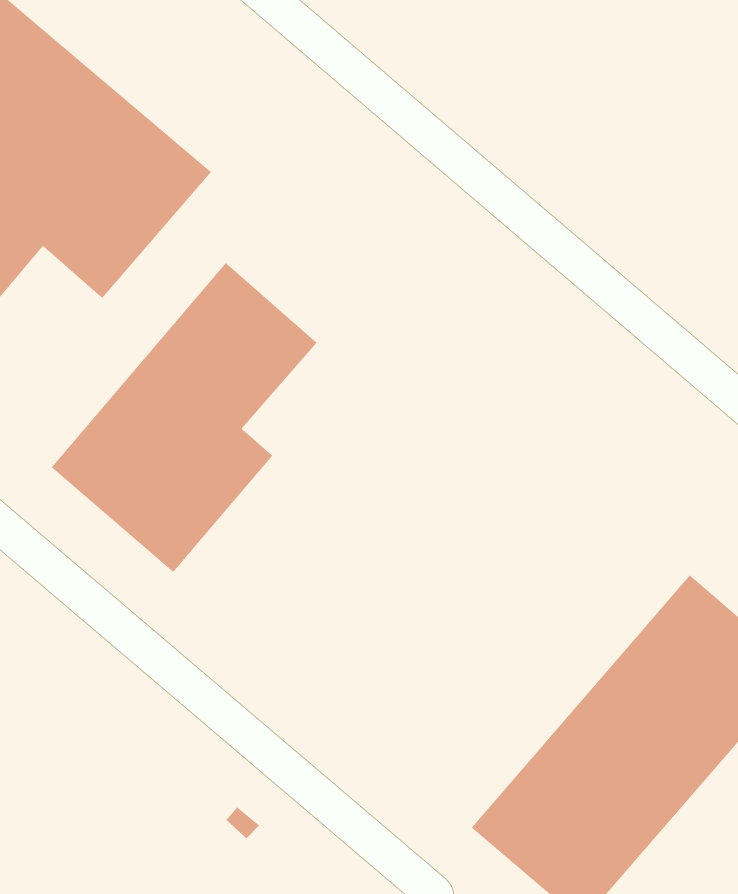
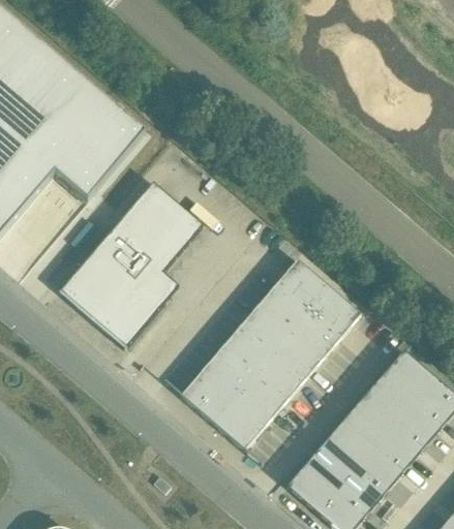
building: none -> [181,258,362,450]

